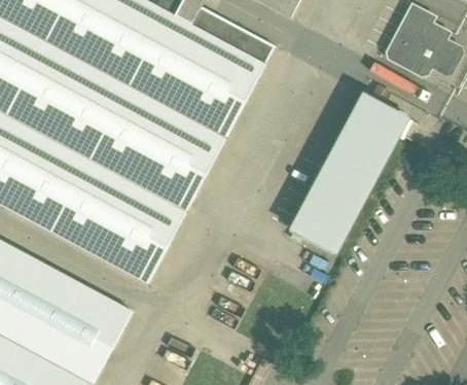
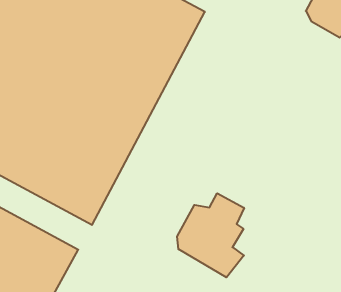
building: [293,95,405,250] -> none
building: none -> [177,193,244,277]

